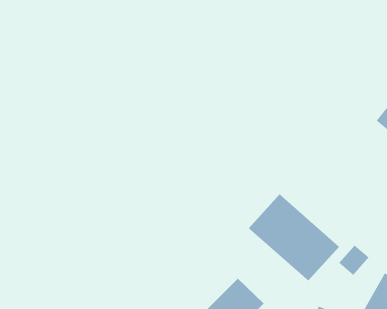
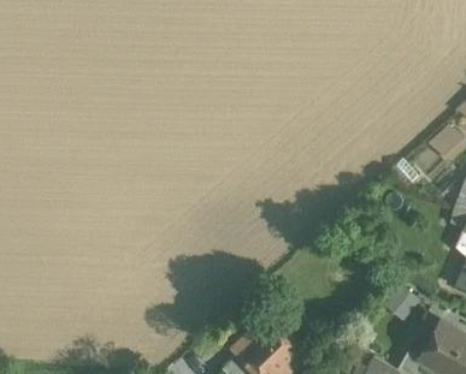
building: [248,194,340,282] -> none

